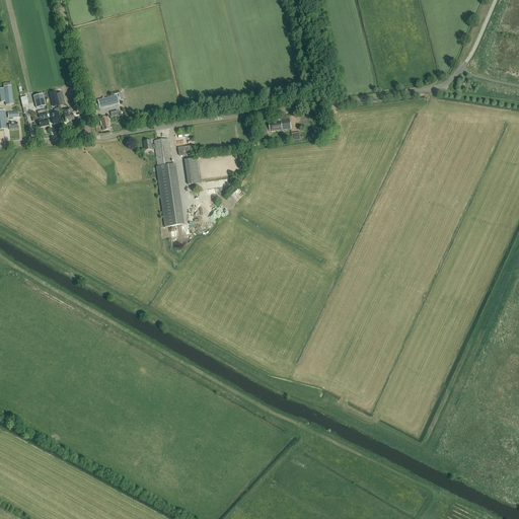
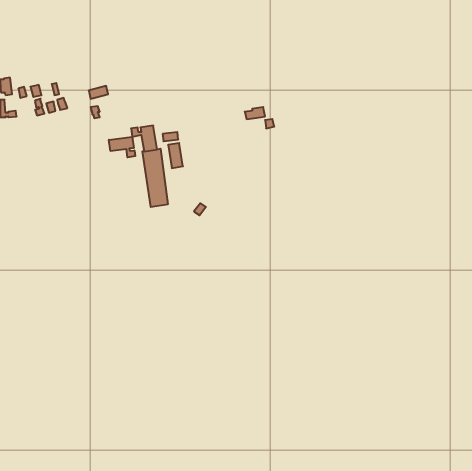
building: none -> [109,137,135,157]

